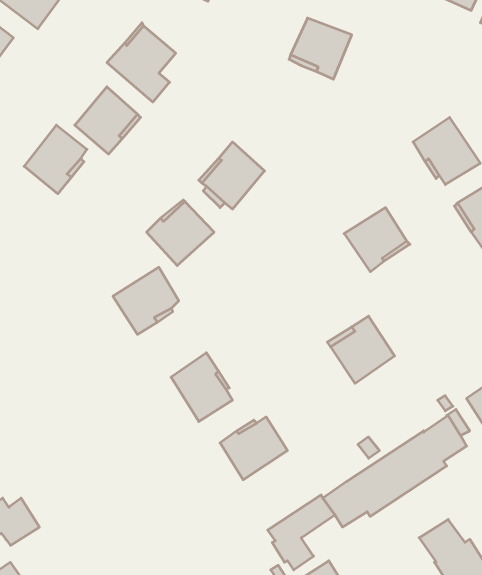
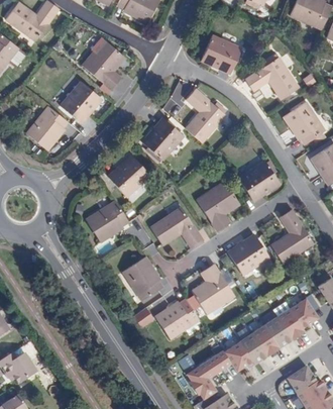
building: none -> [246,56,300,100]
building: none -> [186,88,226,143]
building: none -> [197,180,241,231]
building: none -> [150,206,203,248]
building: none -> [270,209,315,265]
building: none -> [192,264,236,315]

